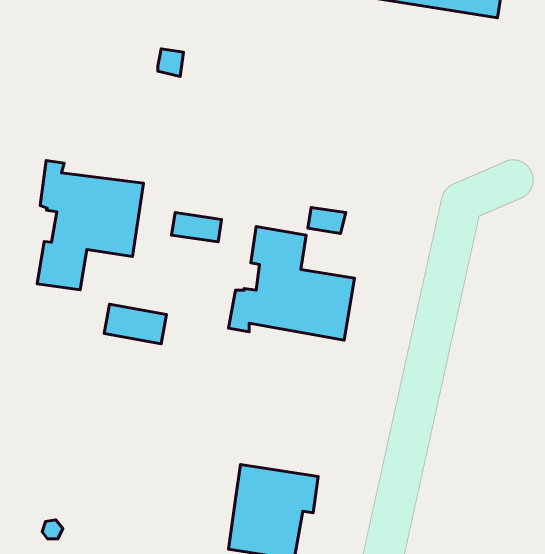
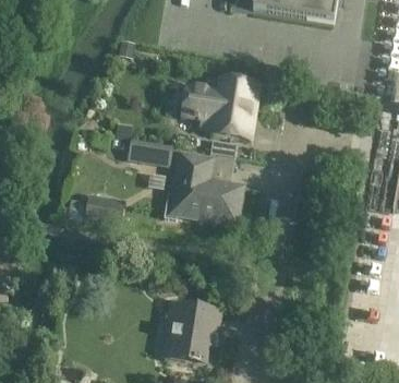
building: none -> [181,77,258,139]
building: [37,161,143,290] -> none

